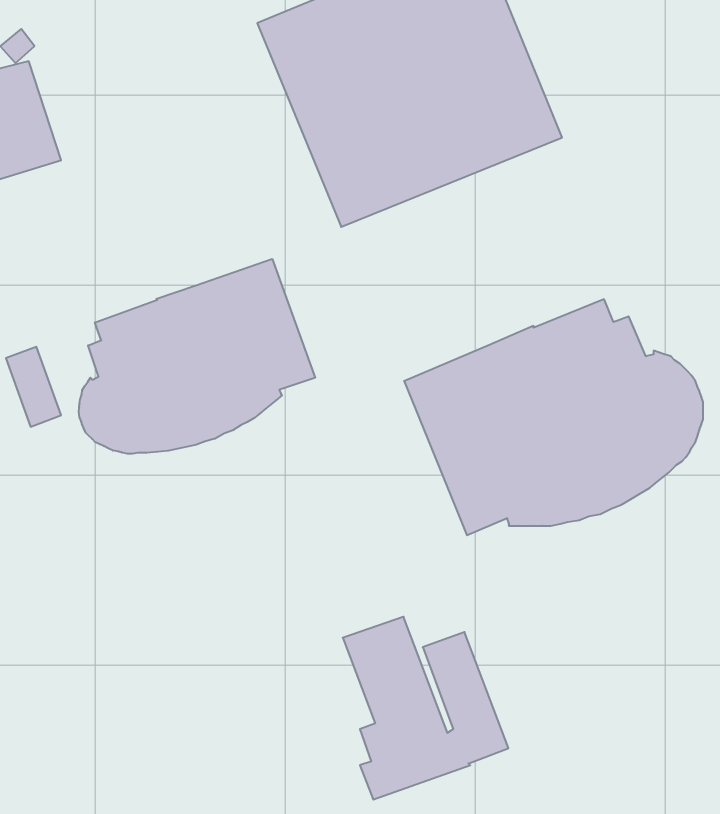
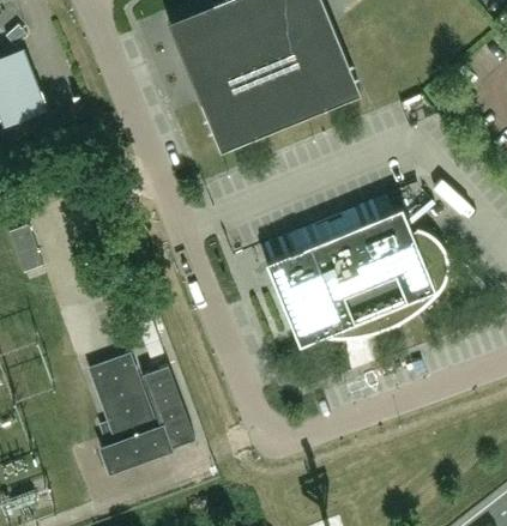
building: [79,259,315,454] -> none
building: [343,617,508,800] -> [90,358,194,473]

